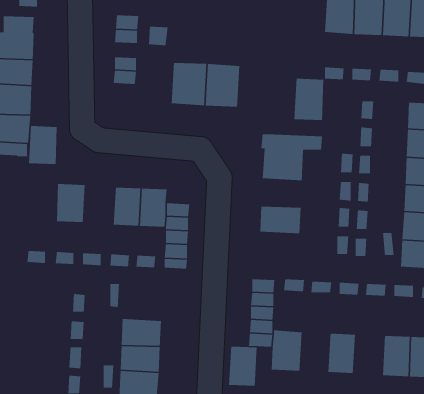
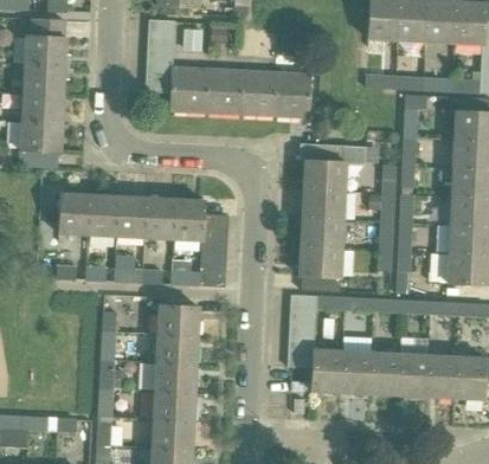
building: none -> [173,67,210,112]
building: [293,78,324,121] -> [277,72,309,117]
building: [28,125,58,165] -> [58,194,89,236]
building: none -> [301,191,345,220]
building: none -> [116,196,149,239]
building: none -> [298,246,342,290]
building: none -> [156,305,199,339]
building: none -> [398,353,430,397]
building: [228,346,258,387] -> [342,350,373,393]

